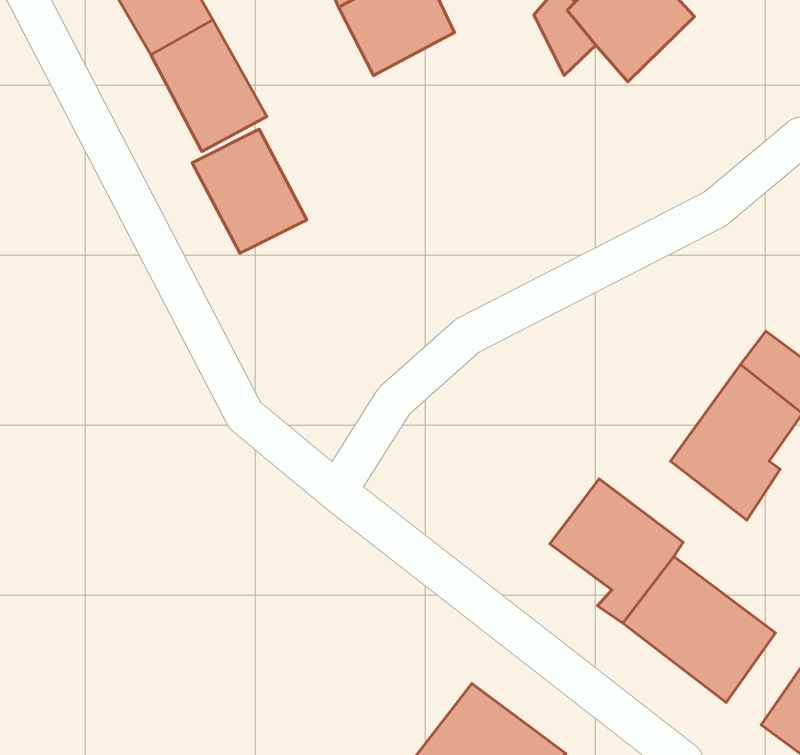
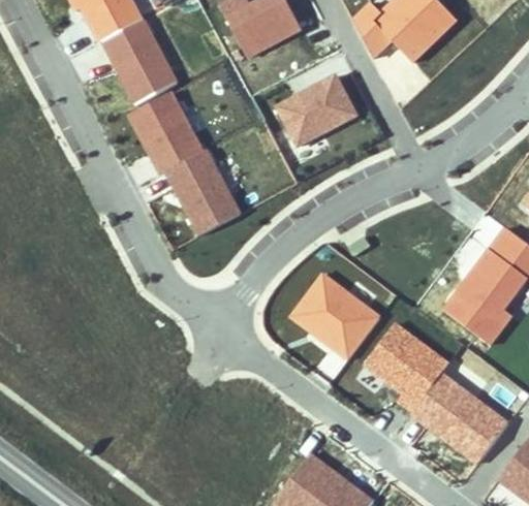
building: none -> [274,73,360,149]
building: none -> [167,150,242,235]
building: none -> [287,272,380,361]

